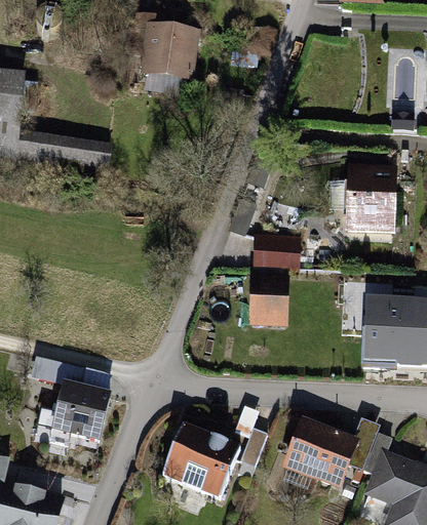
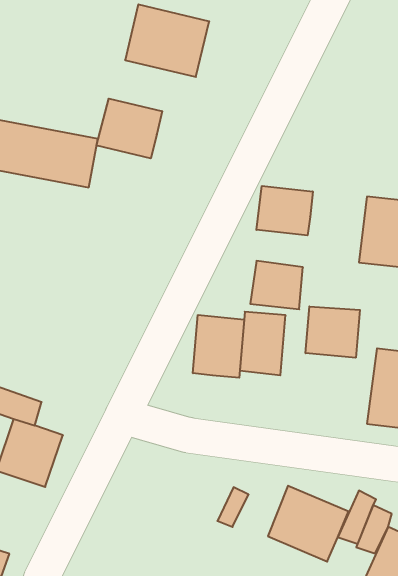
building: none -> [97,99,162,158]
building: none -> [256,186,313,235]
building: none -> [306,306,360,358]
building: none -> [193,315,244,378]
building: [167,426,236,495] -> none

